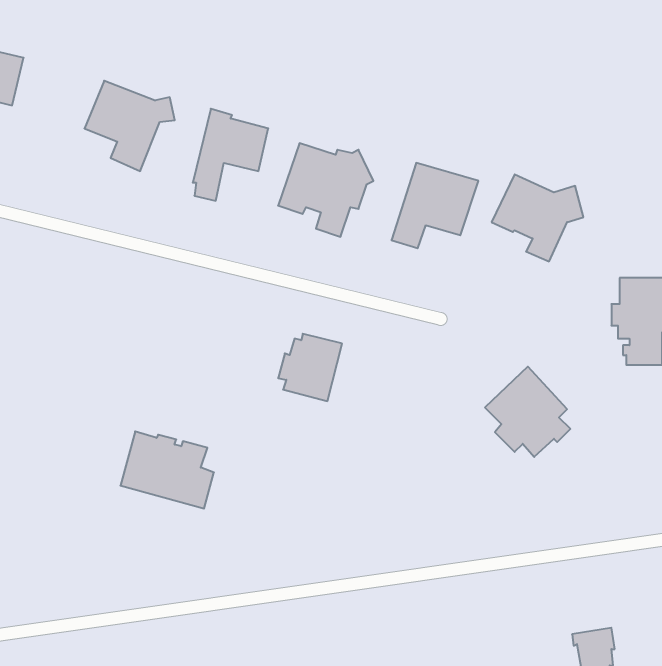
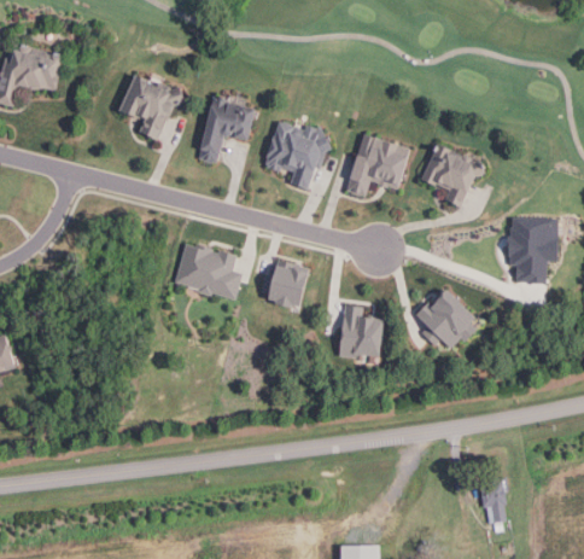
building: none -> [340,305,382,357]
building: [120,431,214,509] -> [174,244,243,301]

